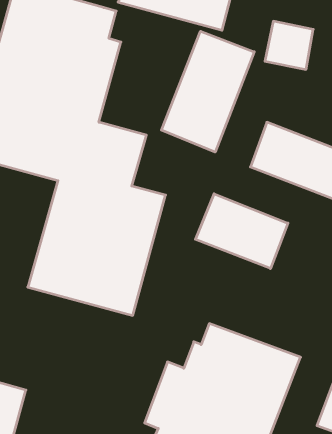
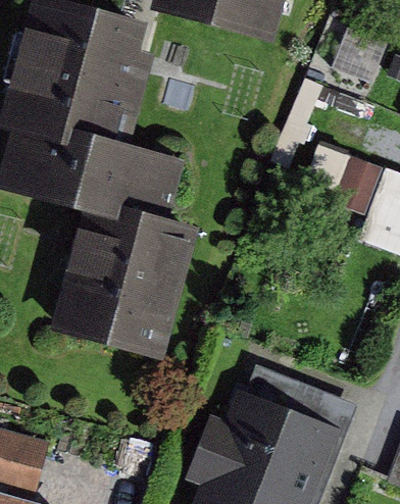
building: [161,31,254,152] -> none
building: [195,194,288,269] -> none

